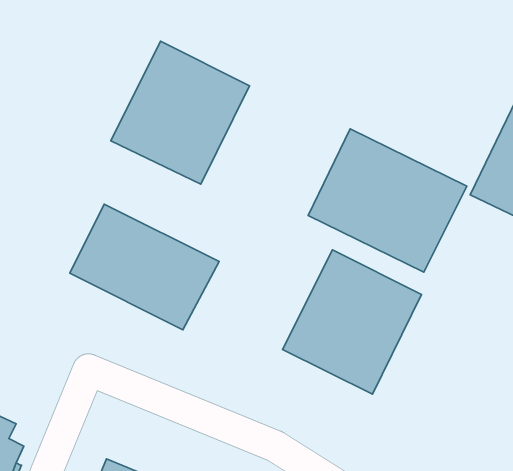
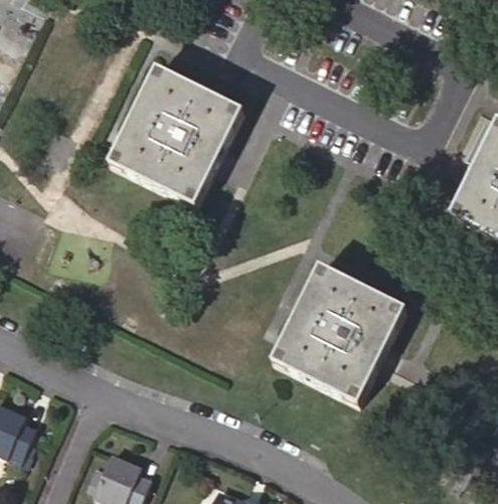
building: [308,129,467,272] -> none
building: [70,204,219,330] -> none

